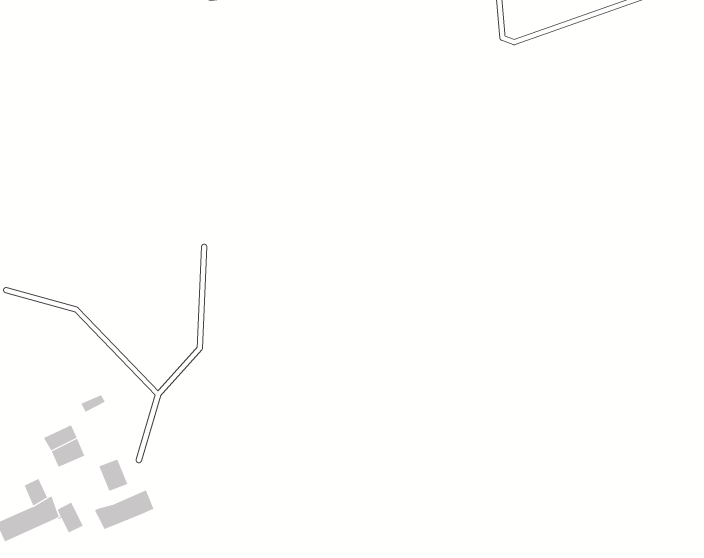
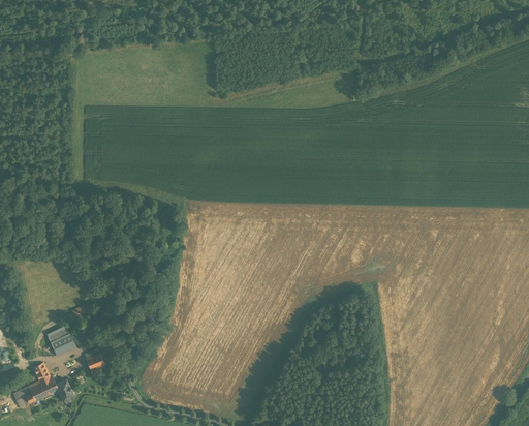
building: [94,490,154,530] -> none

